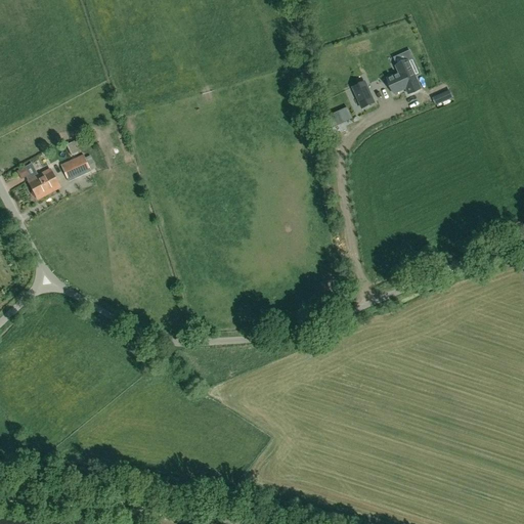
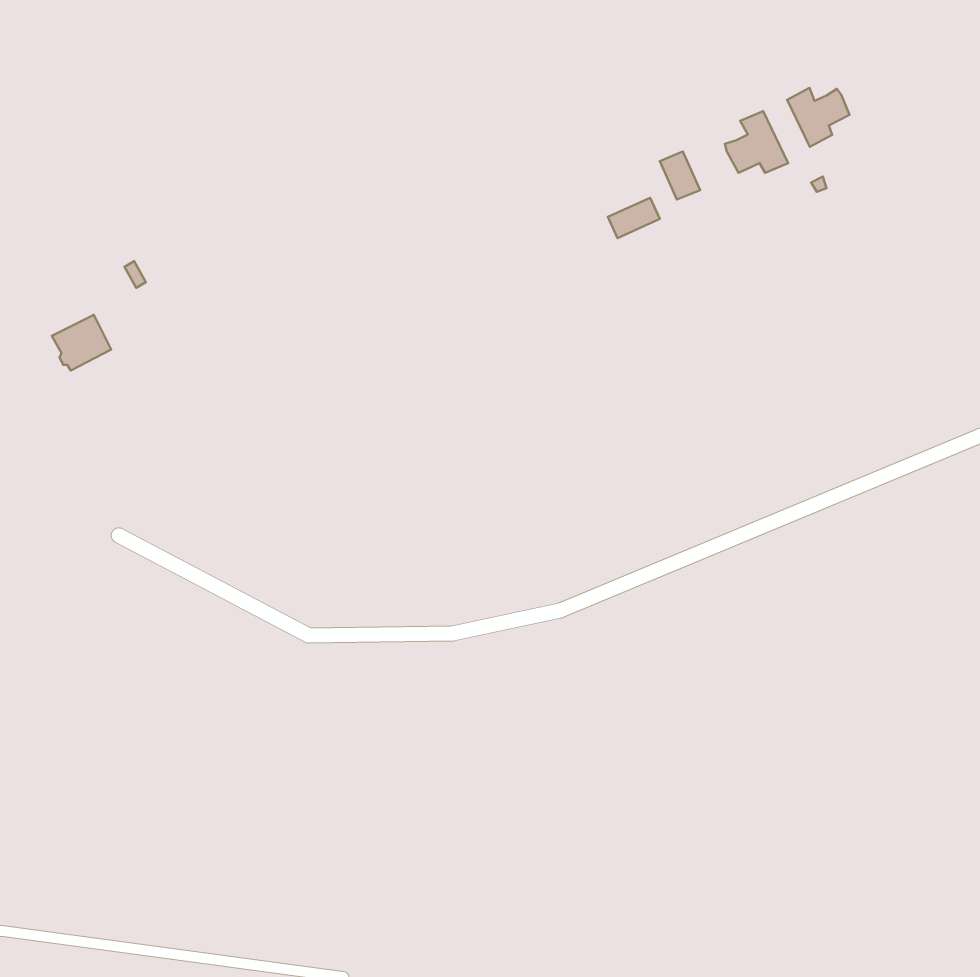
building: none -> [787,88,850,147]
building: [60,152,90,179] -> none

